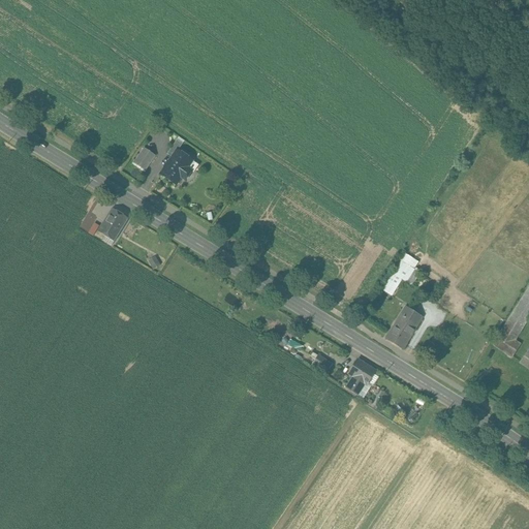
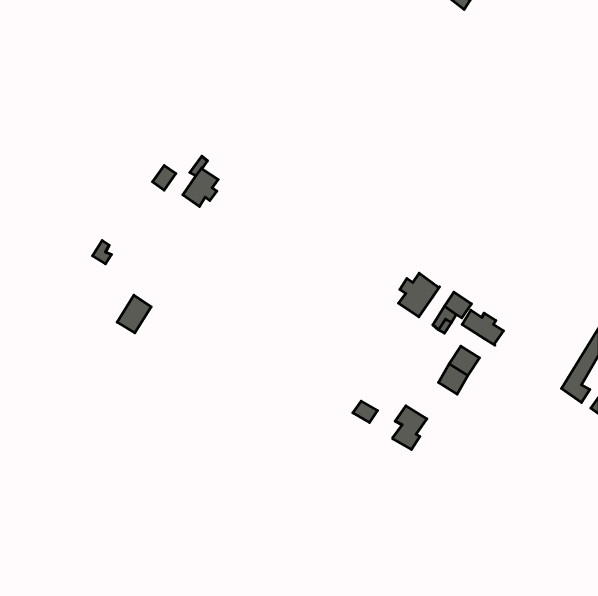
building: [99,206,129,239] -> [117,295,151,333]
building: none -> [398,273,440,317]
building: none -> [462,310,504,345]

